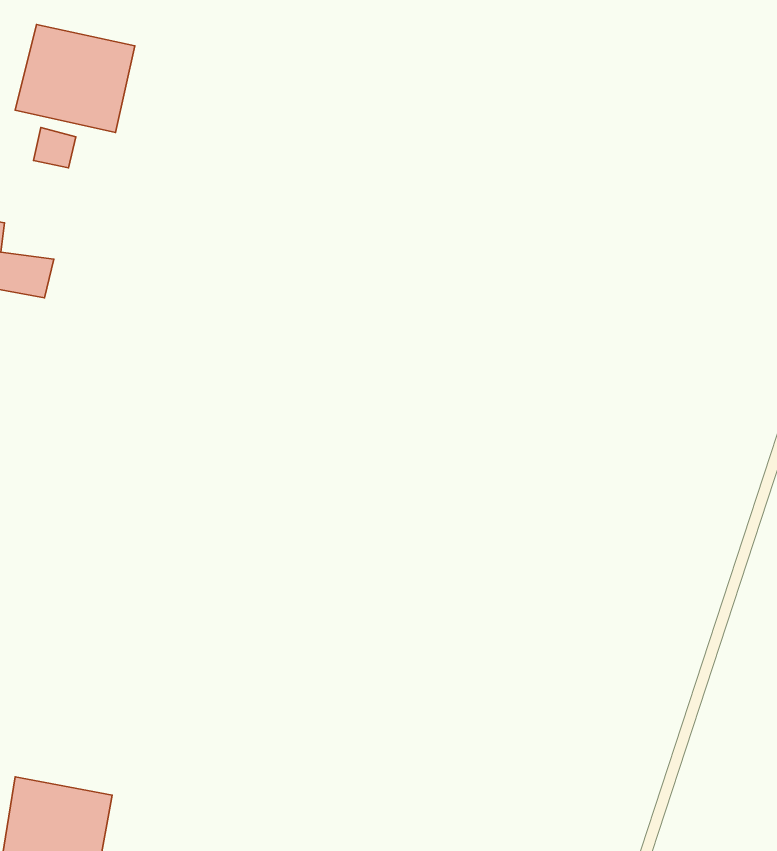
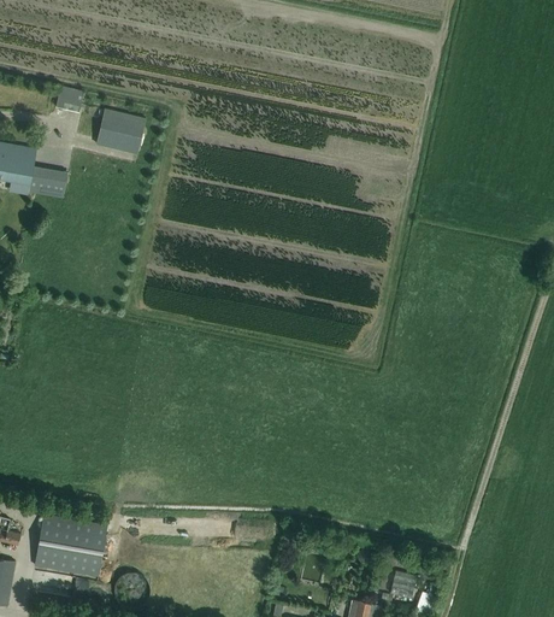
building: [15,24,135,132] -> none
building: none -> [96,110,146,155]

